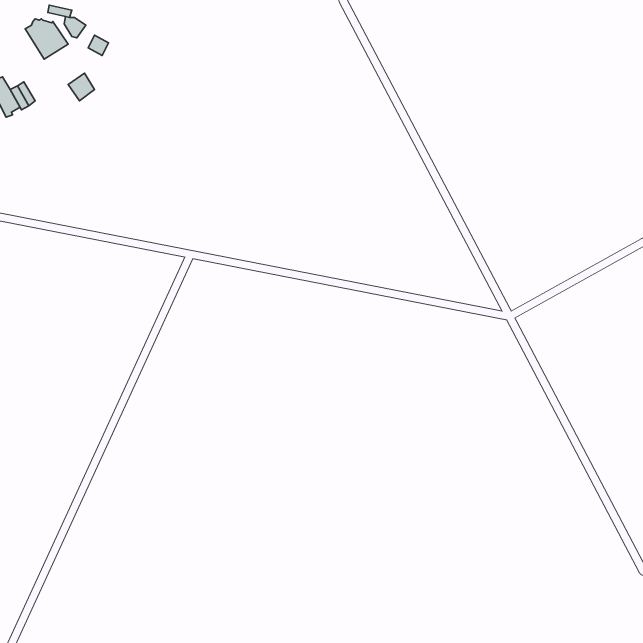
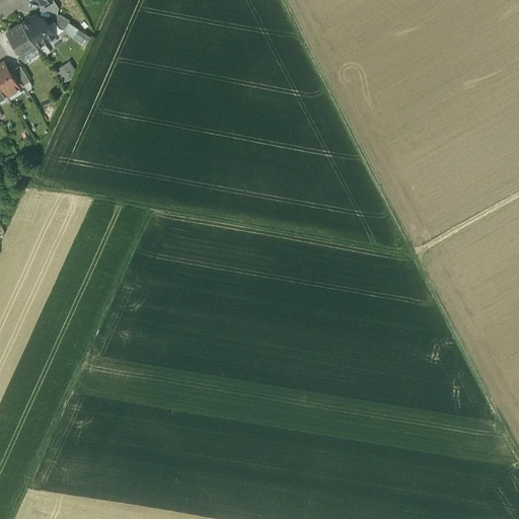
building: none -> [6,24,35,58]

